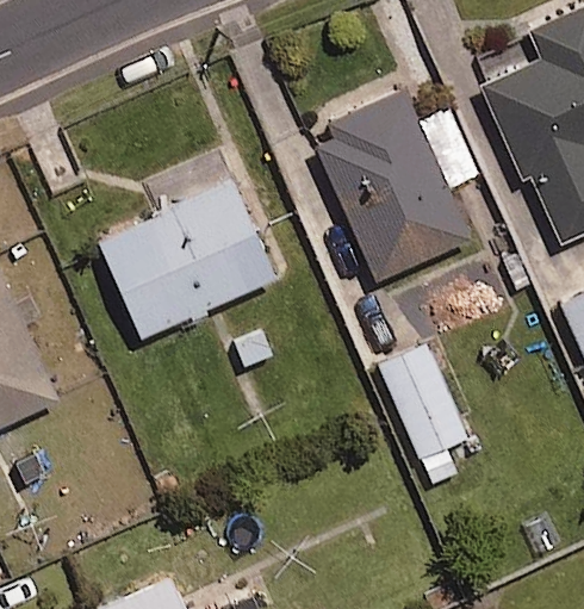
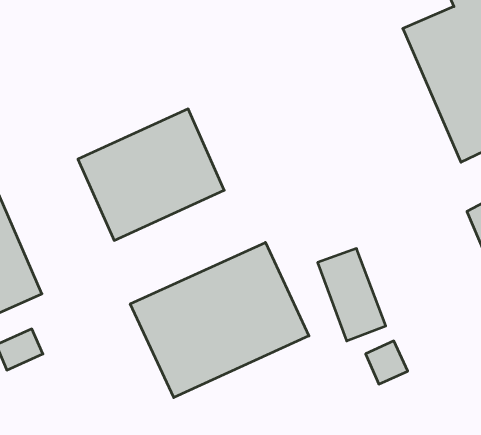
building: [310,92,468,281] -> none
building: none -> [130,242,309,398]

